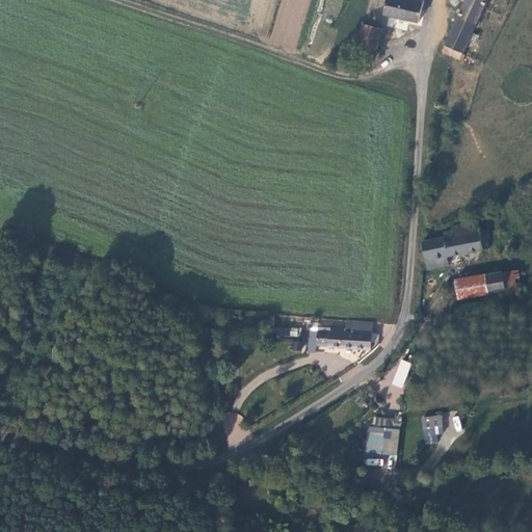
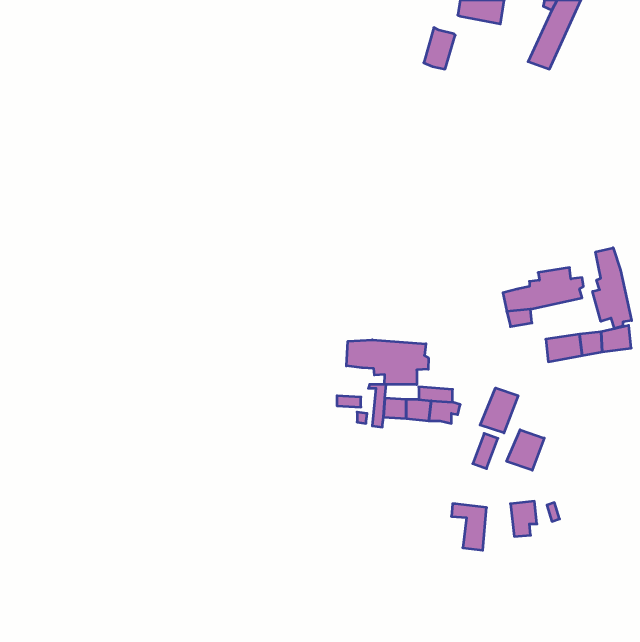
building: none -> [593,248,632,329]
building: none -> [346,340,428,385]
building: none -> [480,388,518,433]
building: none -> [507,430,544,470]
building: [370,427,388,453] -> none

